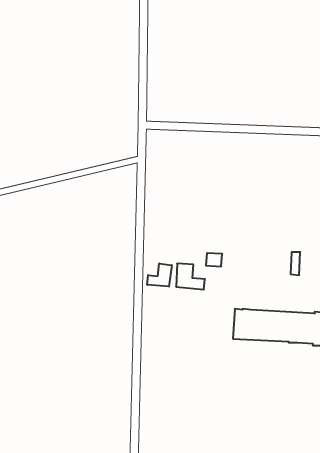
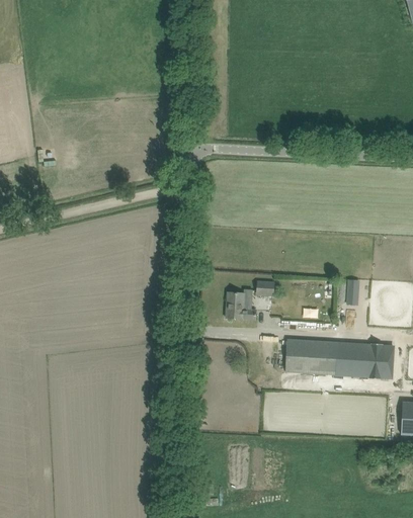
building: [147,263,172,287] -> none

